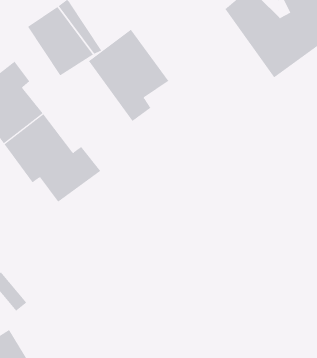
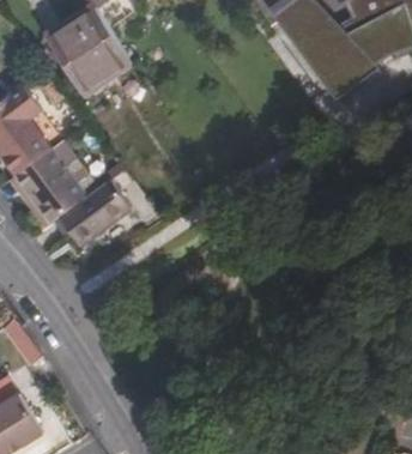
building: [88,29,169,122] -> none

